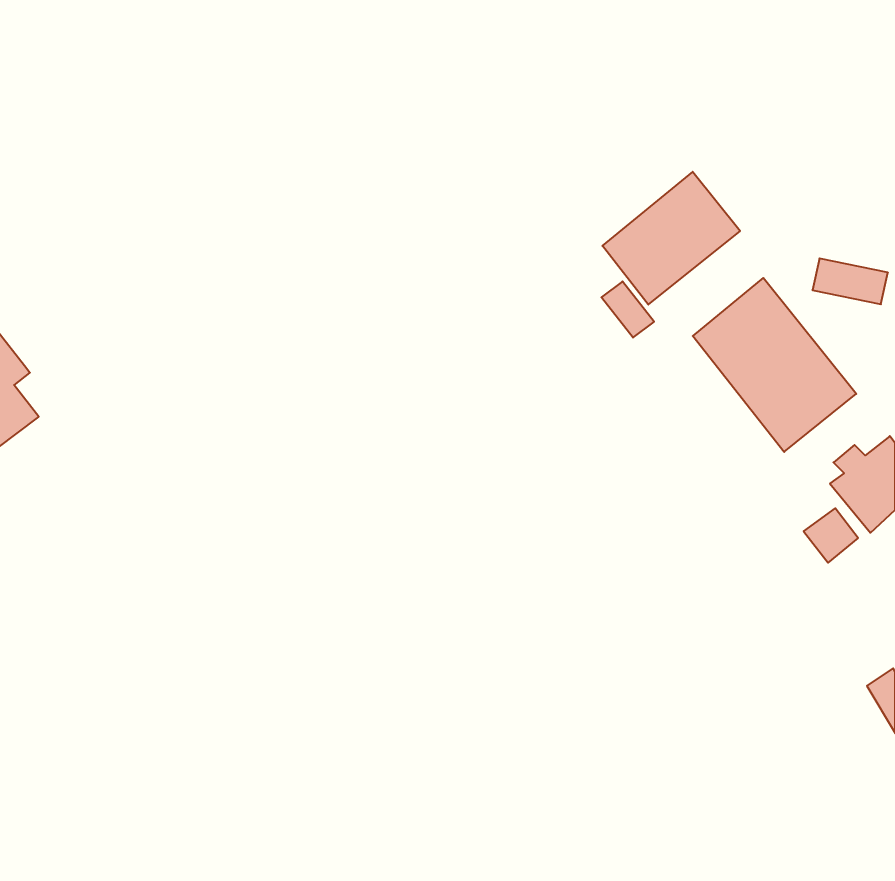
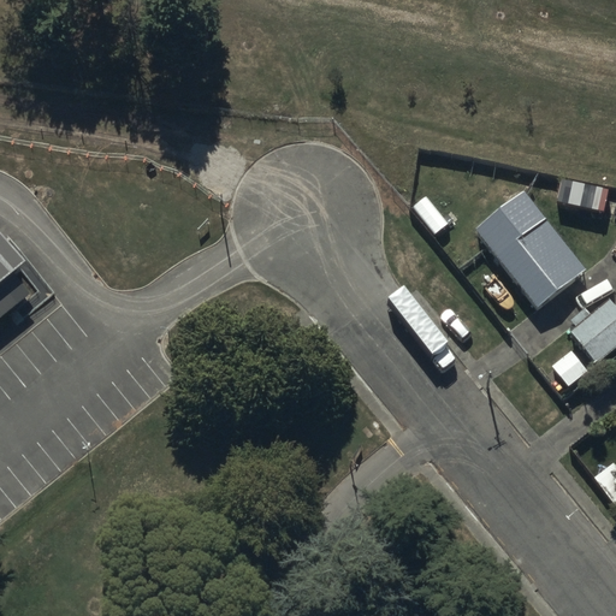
building: [602,172,740,305] -> none

